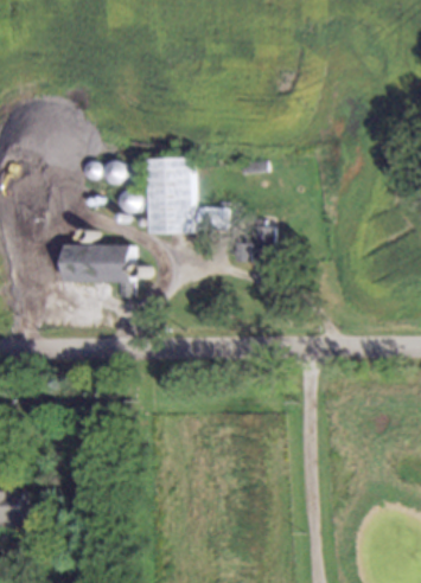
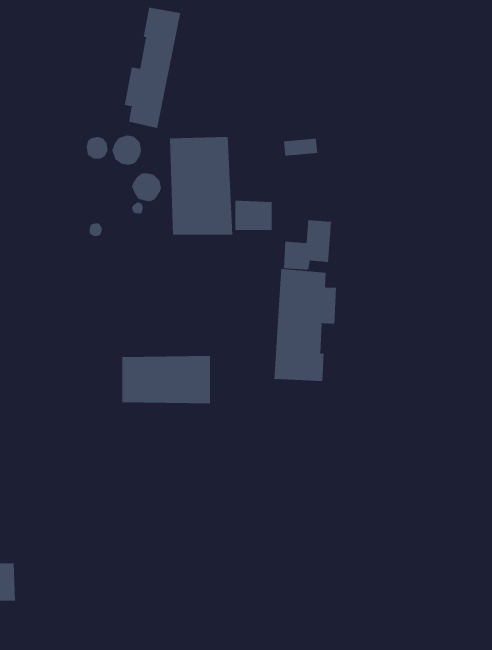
building: none -> [124,7,181,129]
building: [63,245,133,283] -> [121,355,211,404]
building: none -> [274,268,336,382]

